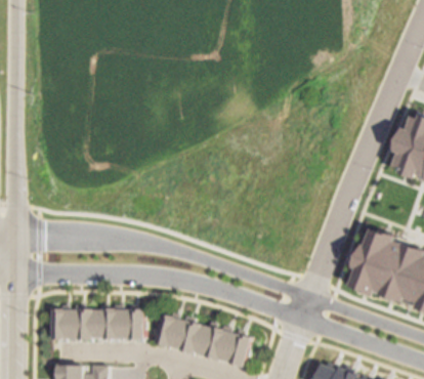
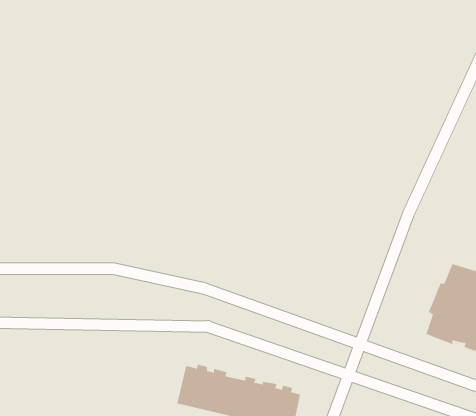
building: [53,304,150,338] -> none

